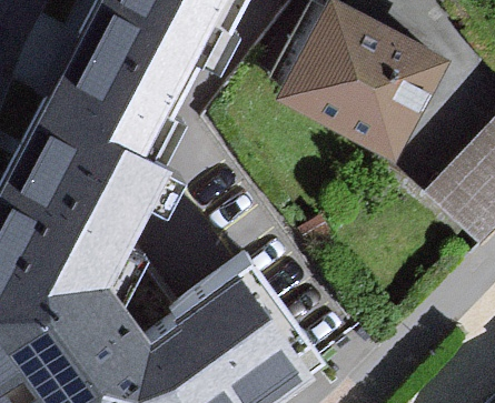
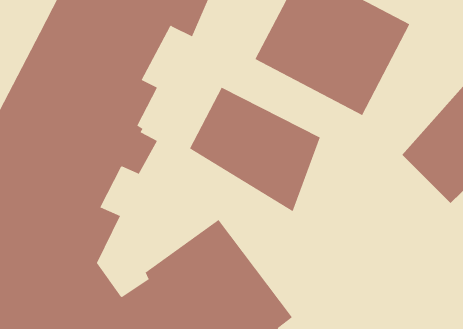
building: none -> [189,87,321,212]

